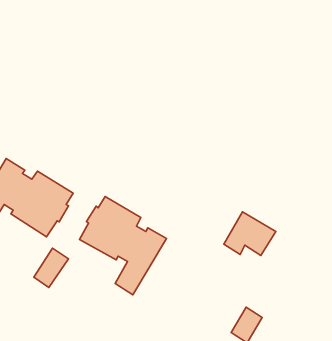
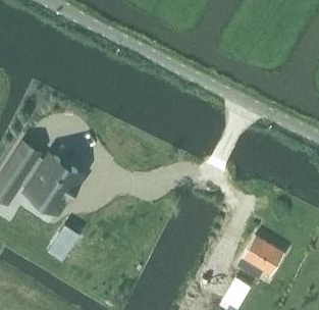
building: [80,196,166,295] -> none
building: [224,212,276,256] -> [236,236,282,274]

